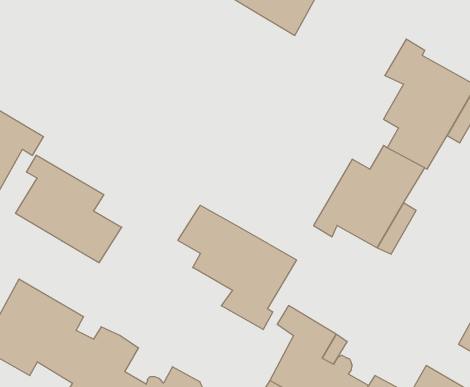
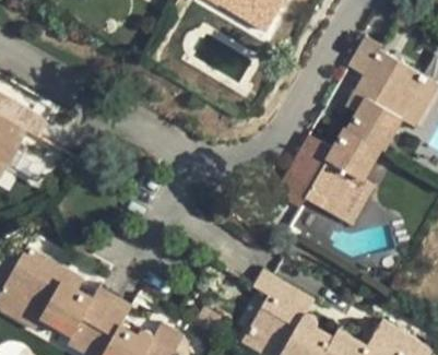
building: [16,155,122,263] -> none
building: [178,205,296,330] -> none

